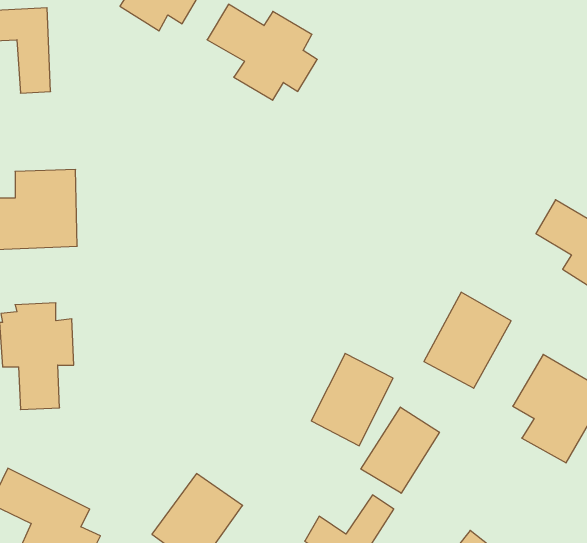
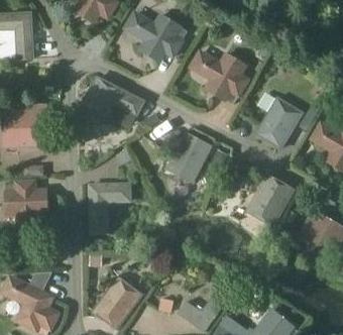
building: none -> [189,48,249,101]
building: none -> [81,76,144,118]
building: none -> [254,96,304,149]
building: none -> [88,183,131,234]
building: [311,353,393,446] -> [165,131,212,184]
building: [361,407,439,493] -> none

